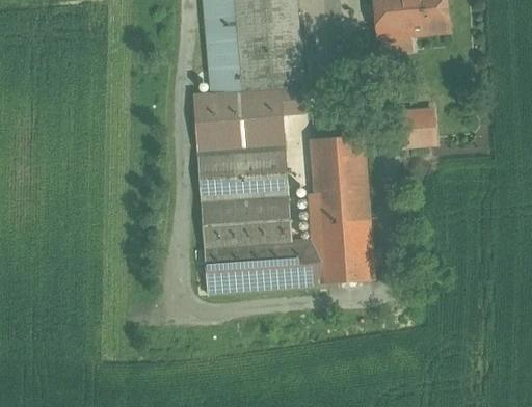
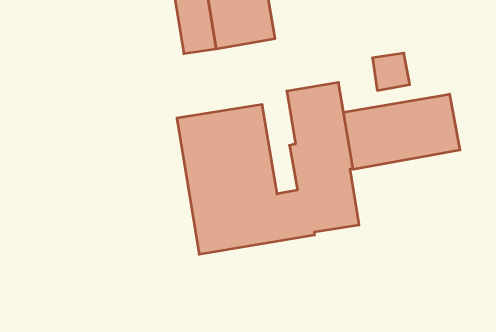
building: [192,84,305,156] -> none
building: none -> [344,94,460,169]

